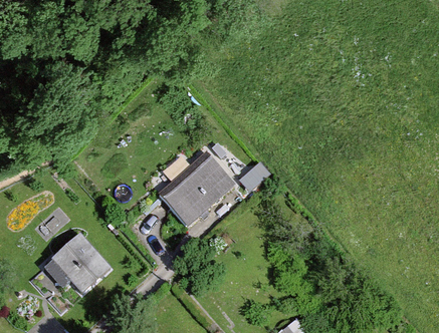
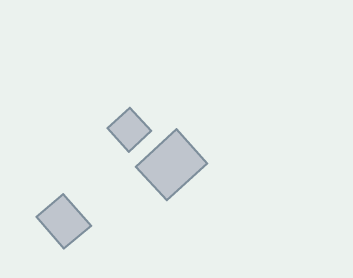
building: none -> [108,108,151,152]

